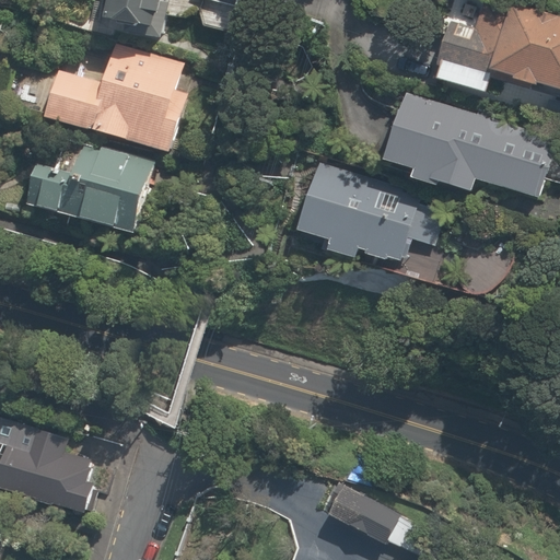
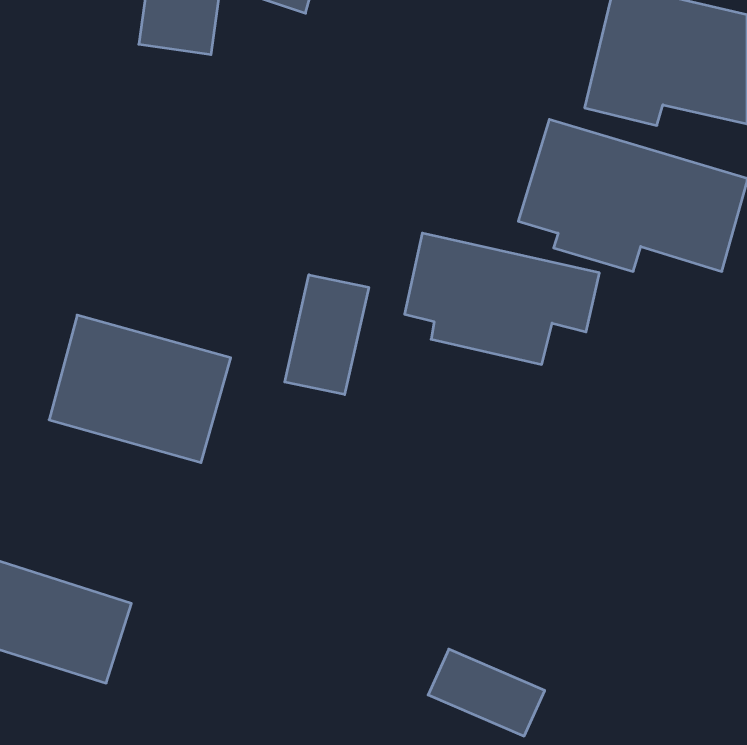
building: [38,44,194,151] -> none
building: [26,128,161,237] -> [49,315,231,463]
building: none -> [285,275,369,395]

